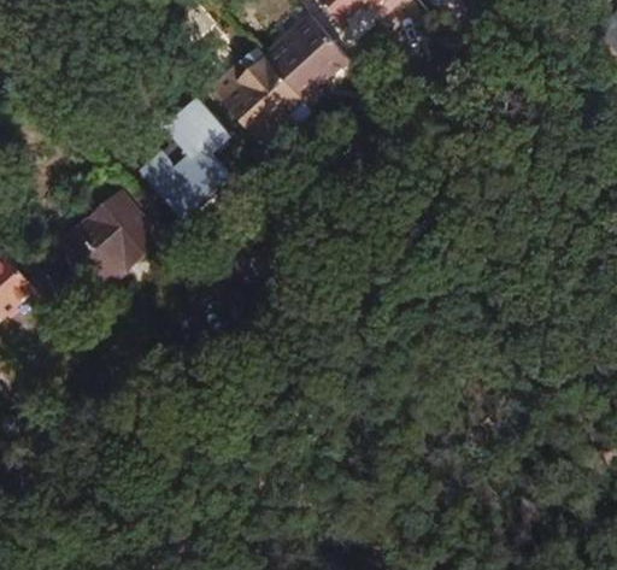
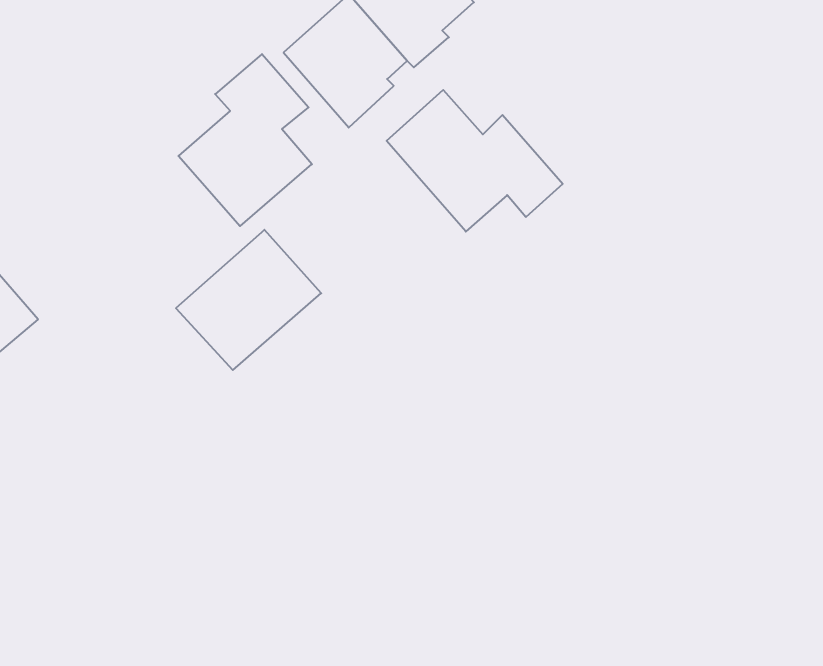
building: none -> [387,90,563,232]
building: [58,192,163,293] -> [176,230,321,370]

